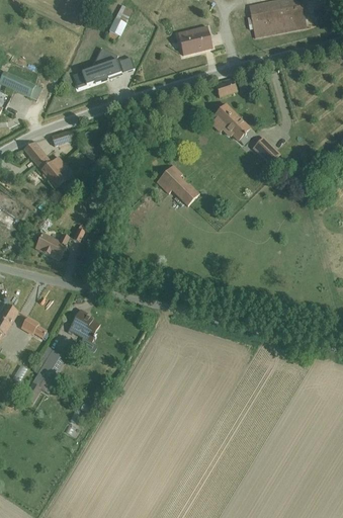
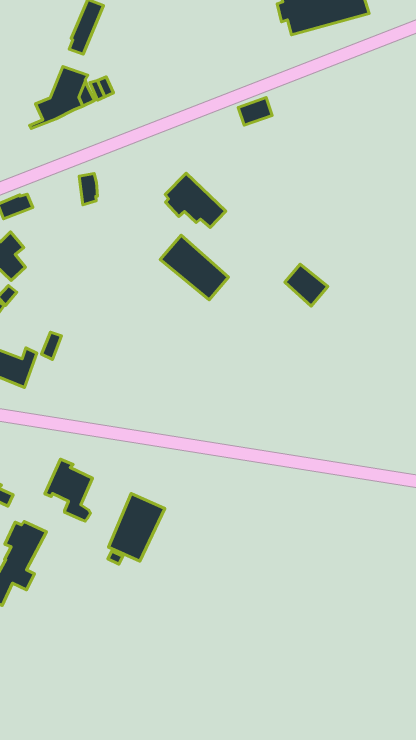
building: [177,23,212,57] -> none
building: [211,105,251,143] -> [165,173,226,228]
building: [251,138,279,166] -> [285,264,328,306]
building: none -> [108,494,165,561]

